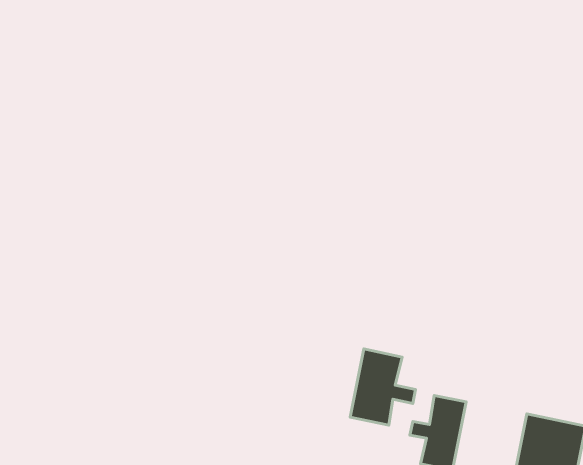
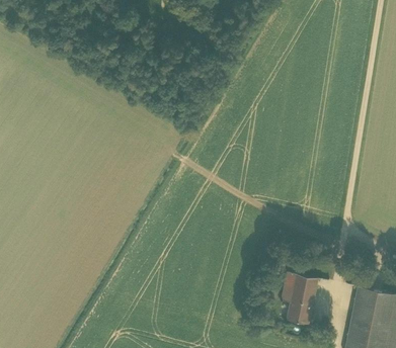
building: [350,349,415,425] -> none

